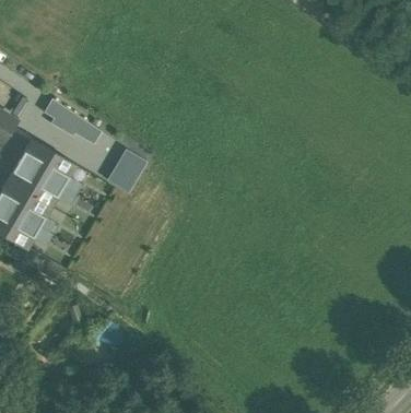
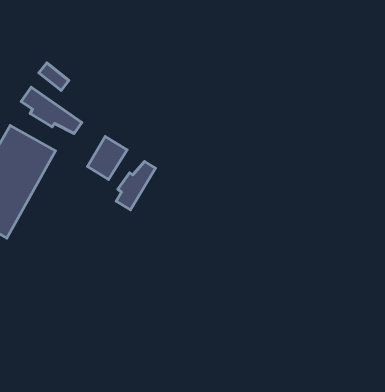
building: none -> [116,161,156,210]

